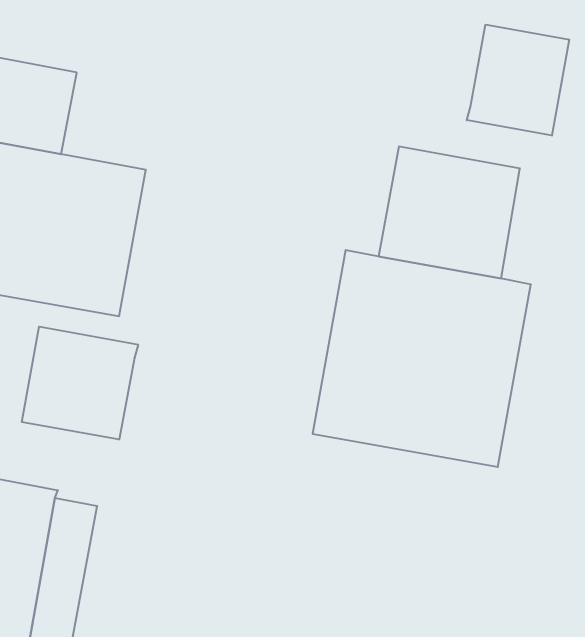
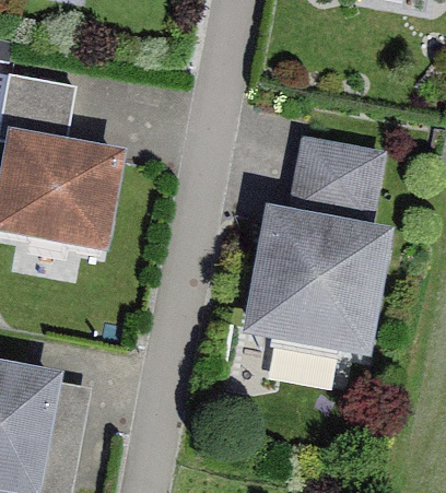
building: [467,25,569,136] -> none
building: [22,327,138,440] -> none

